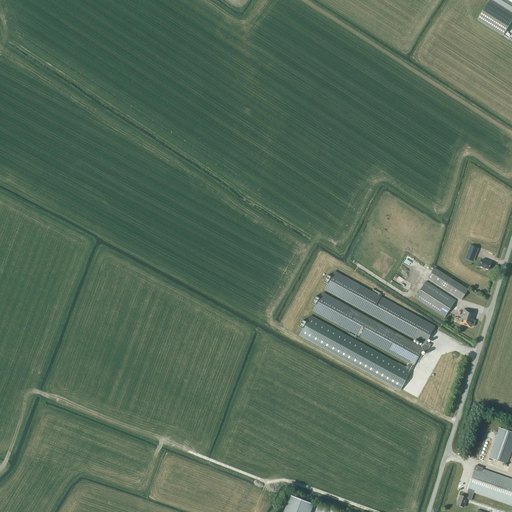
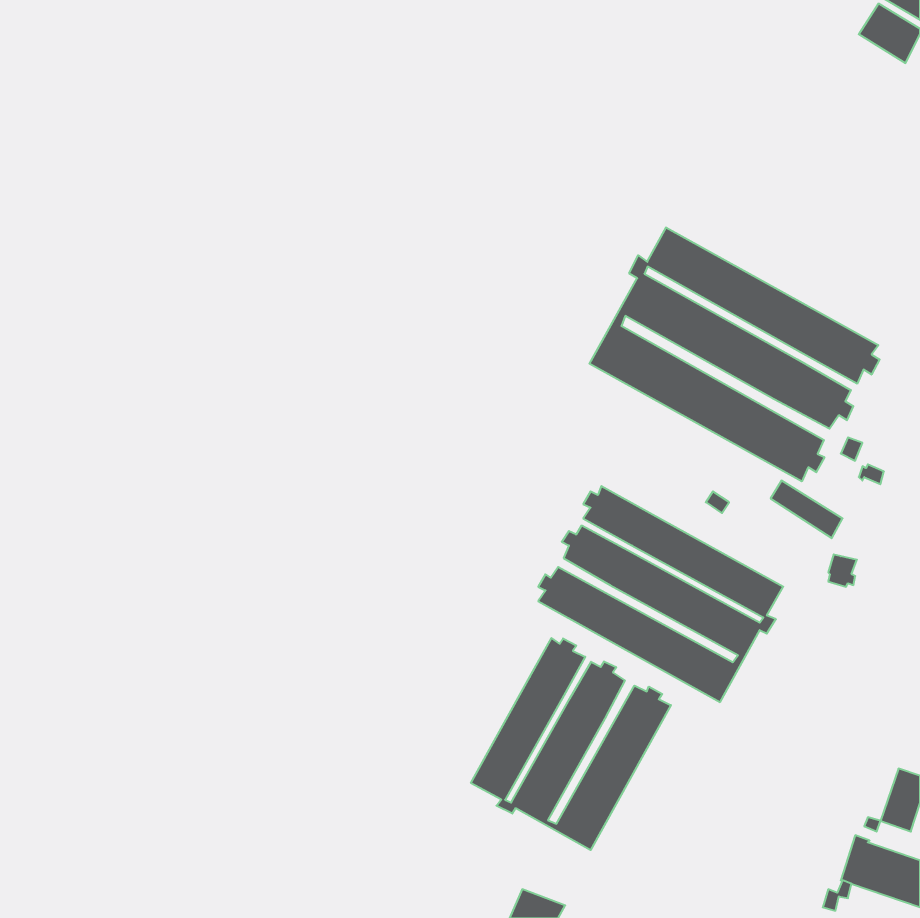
building: none -> [589,227,880,481]
building: [415,280,456,316] -> none
building: none -> [471,638,671,850]

